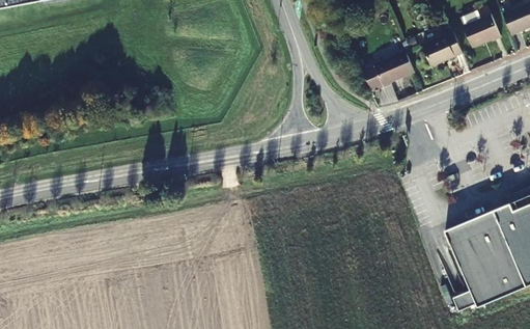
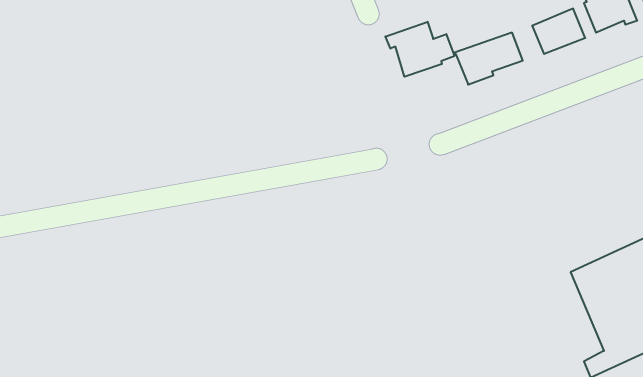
building: none -> [385,22,454,77]

